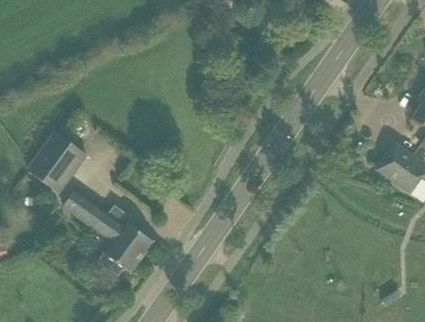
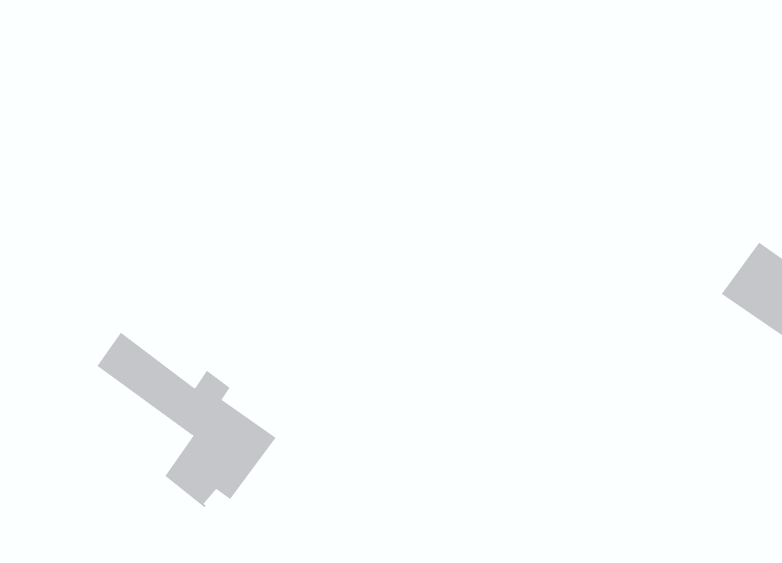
building: [25,132,86,194] -> none

